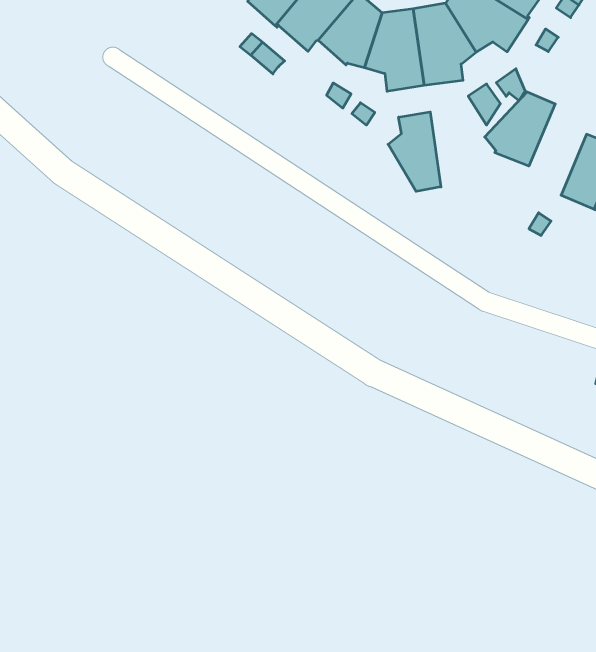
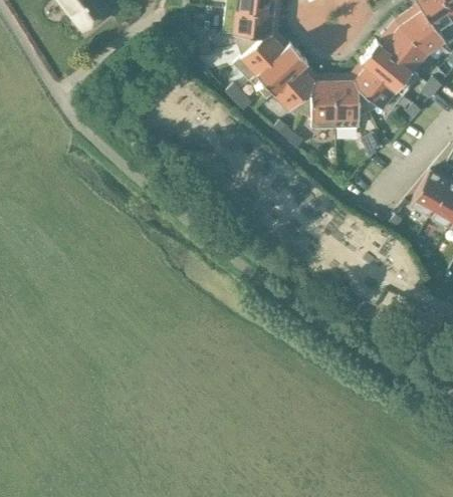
building: [485,92,555,166] -> none
building: [388,112,441,191] -> none

